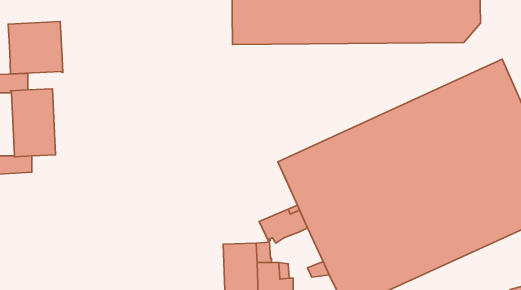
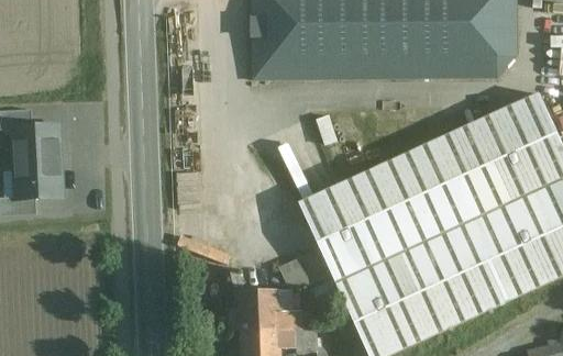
building: [8,21,63,74] -> none

